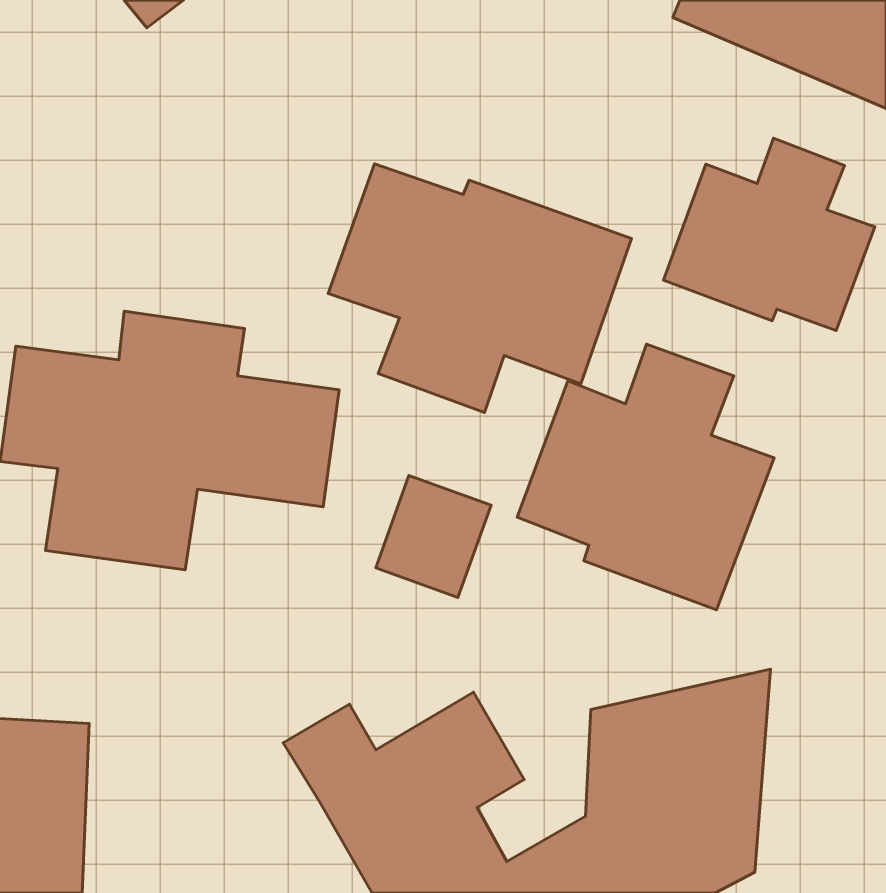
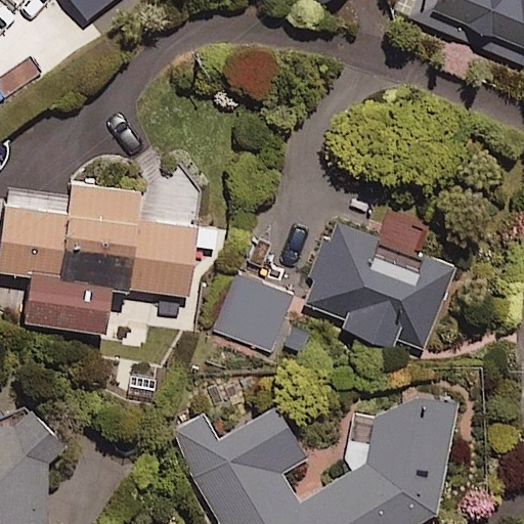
building: [664,138,875,330] -> none
building: [328,164,631,412] -> none

